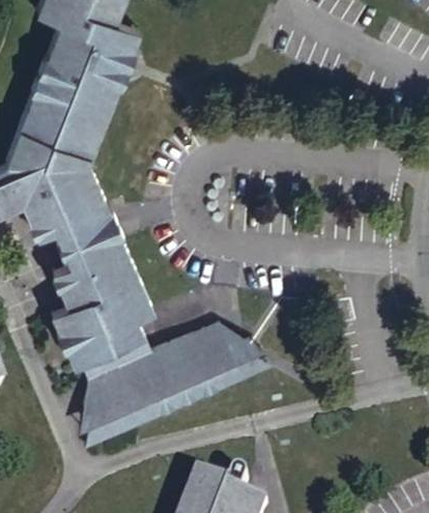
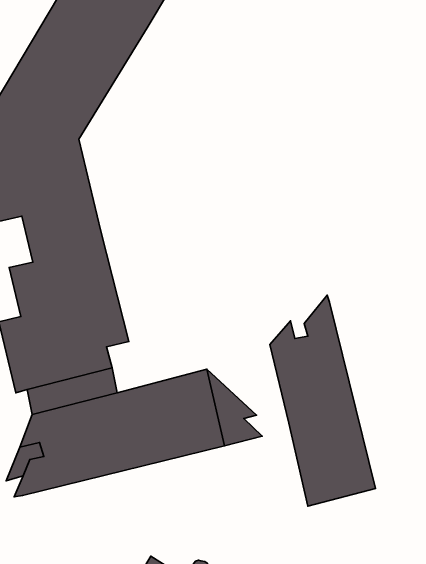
building: none -> [270,295,375,506]

